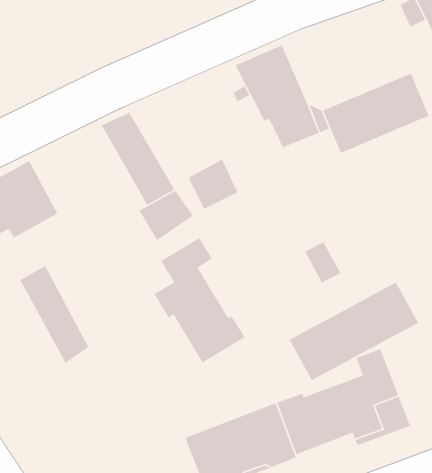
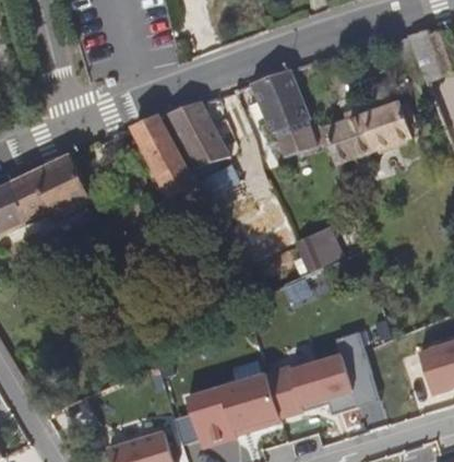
building: none -> [164,100,229,168]
building: [153,237,246,364] -> none
building: [19,265,90,364] -> none
building: [288,282,419,381] -> none

